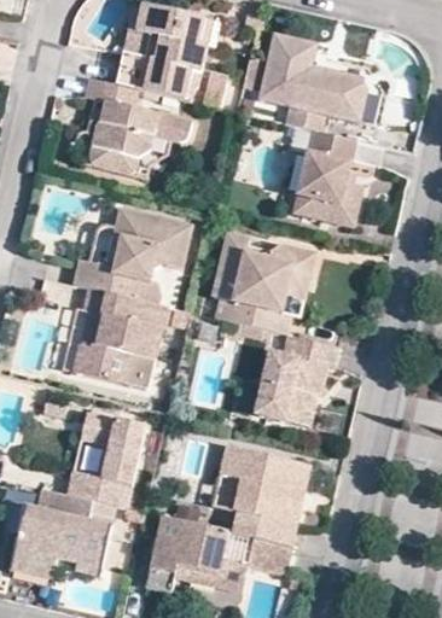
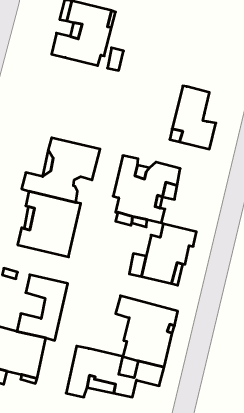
building: [258,34,366,130] -> none
building: [89,76,193,164] -> none

